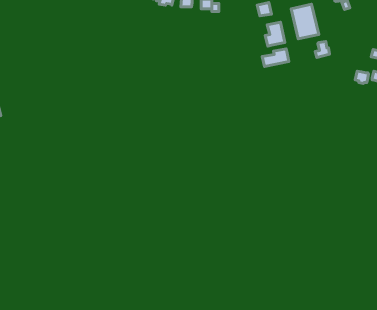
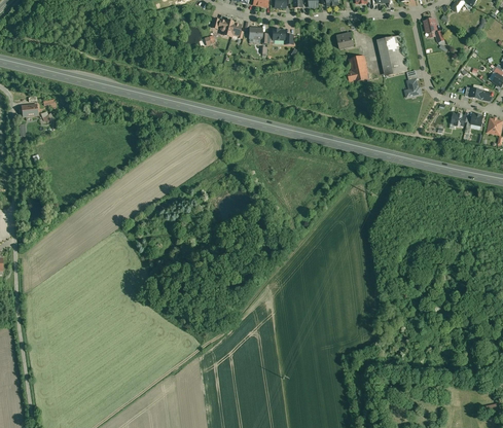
building: [262,49,289,67] -> none

